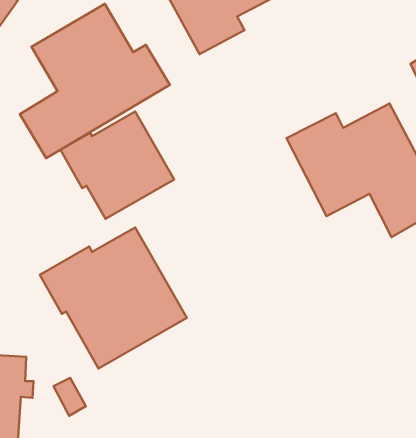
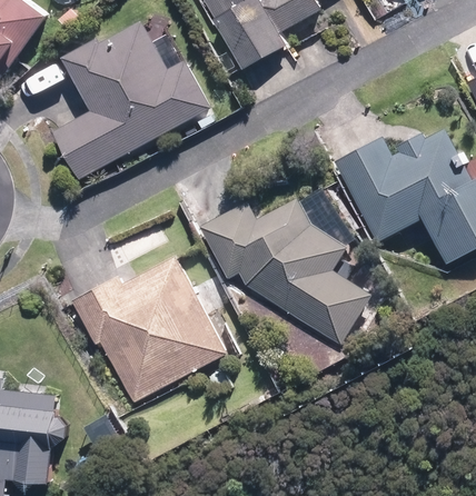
building: [61,111,174,219] -> none
building: none -> [196,187,375,347]

